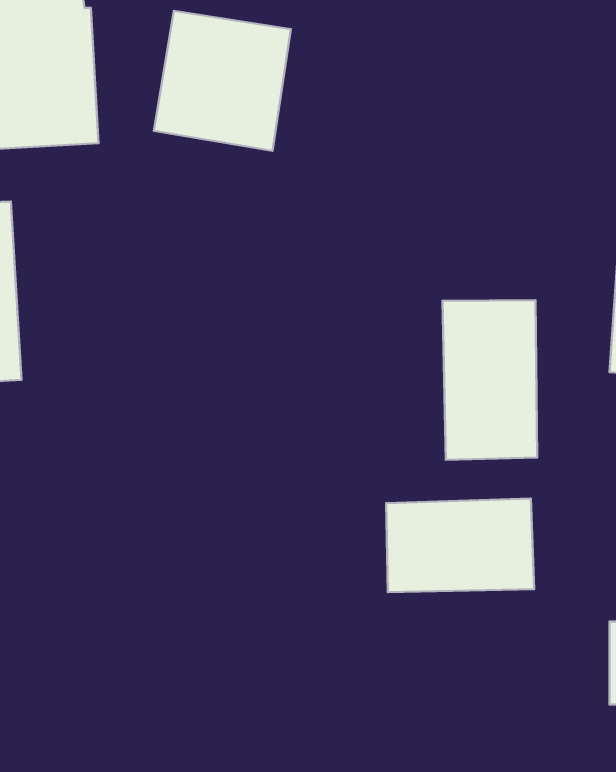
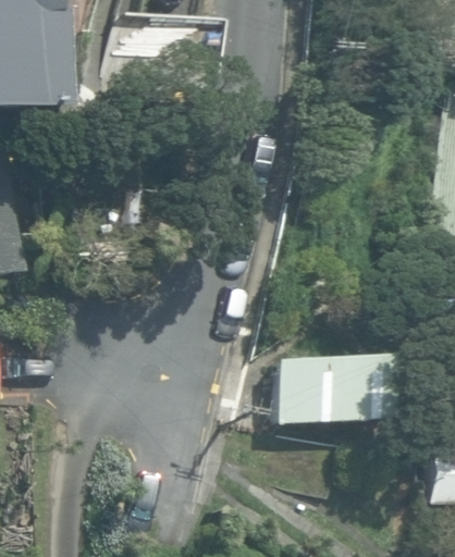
building: [443,300,537,460] -> none

